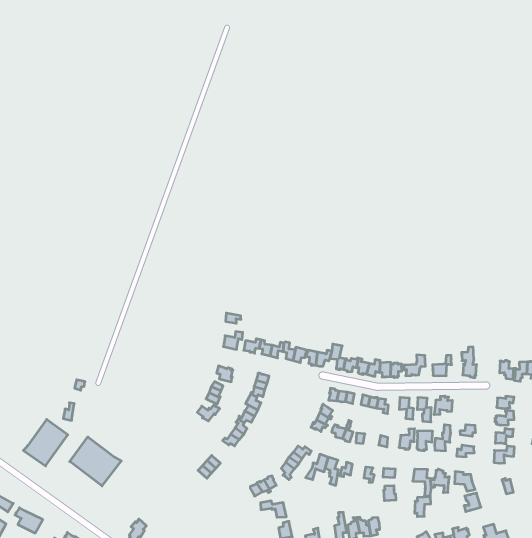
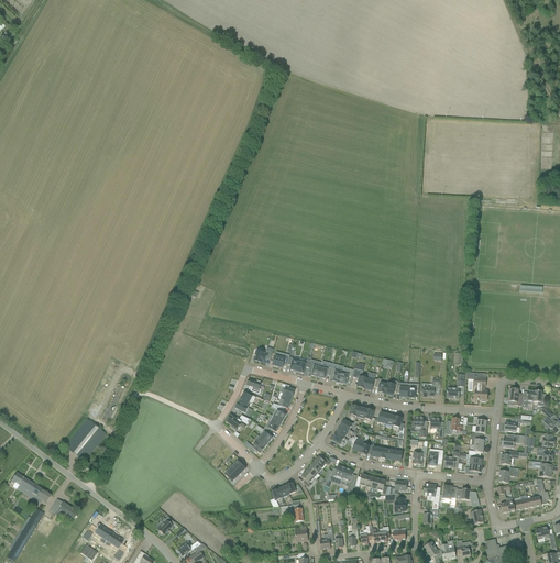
building: [70,437,121,486] -> none

